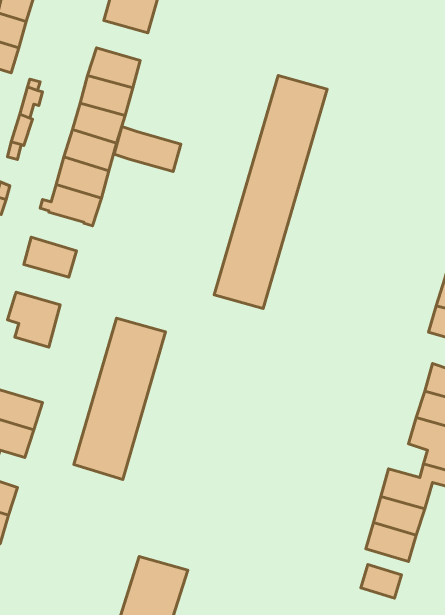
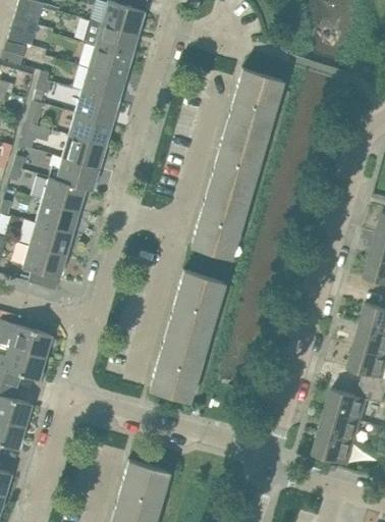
building: [114,127,181,172] -> [82,19,136,56]
building: none -> [42,176,85,211]
building: none -> [30,222,72,255]
building: [74,318,165,480] -> [150,270,224,402]
building: [361,564,401,598] -> none

